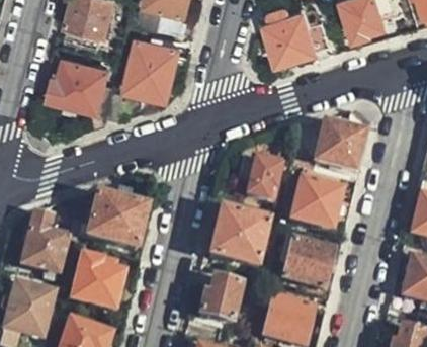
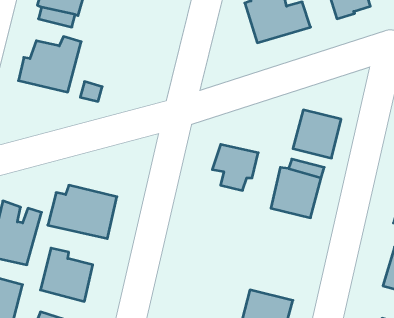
building: [123,25,177,98] -> none
building: [207,211,265,267] -> none
building: [278,242,332,292] -> none
building: [196,278,238,322] -> none

